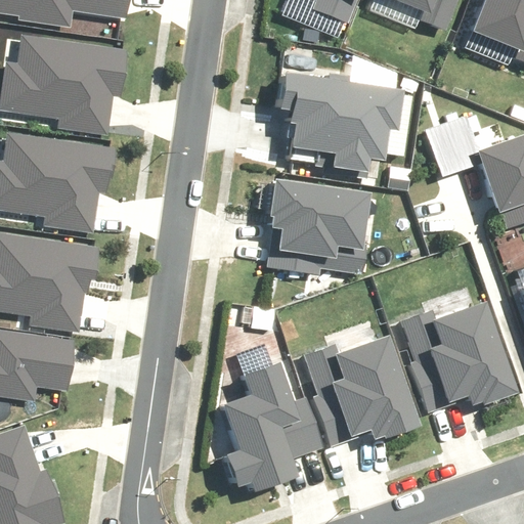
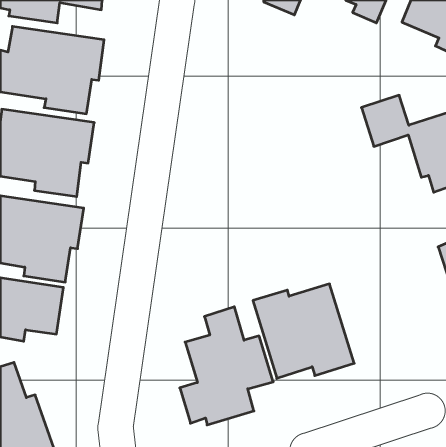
building: [277,78,397,169] -> none
building: [265,176,369,275] -> none
building: [393,301,513,411] -> none

